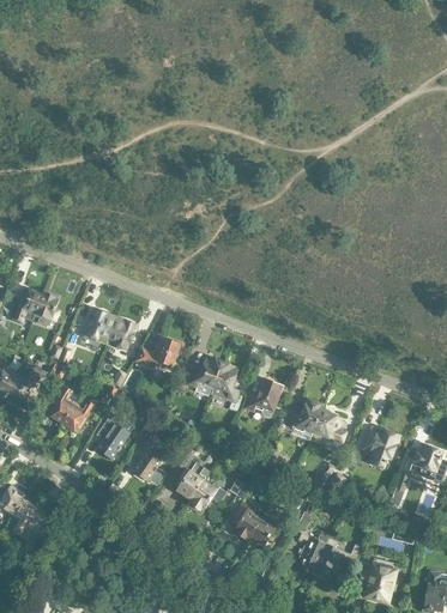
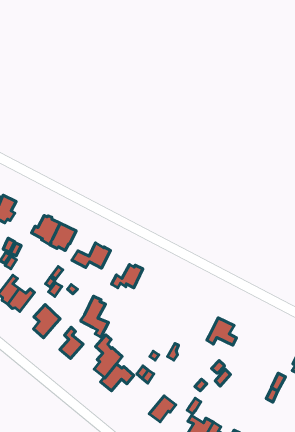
building: [210,362,243,411] -> [81,296,108,337]
building: [246,381,280,418] -> none
building: [288,399,322,439] -> none
building: [363,430,398,468] -> none
building: [229,502,265,542] -> none

